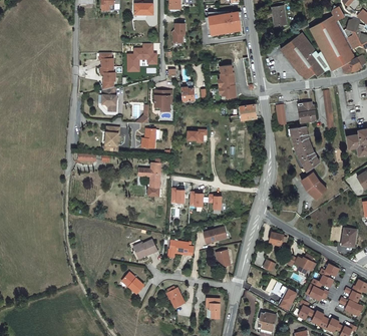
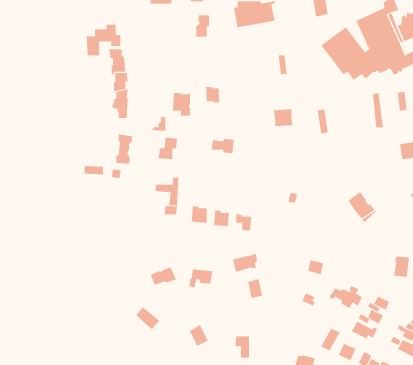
building: [126,45,156,72] -> [86,24,121,56]
building: [218,66,235,98] -> none
building: [291,100,321,173] -> none

